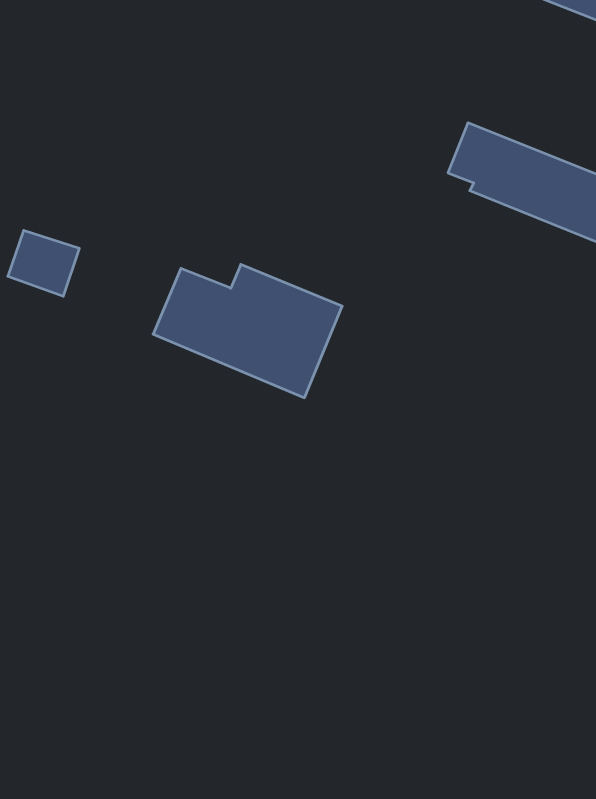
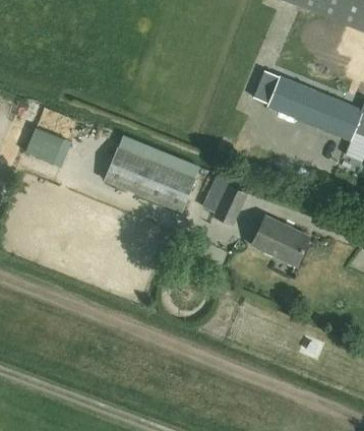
building: none -> [202,174,249,226]
building: none -> [253,220,307,264]

